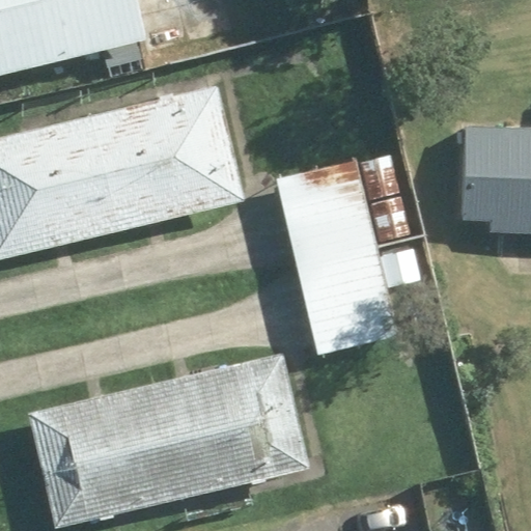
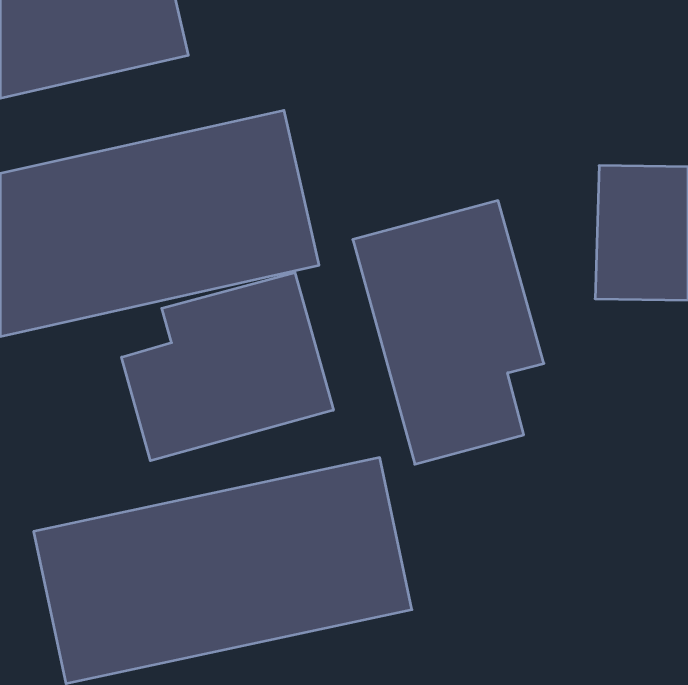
building: none -> [122,272,333,461]

